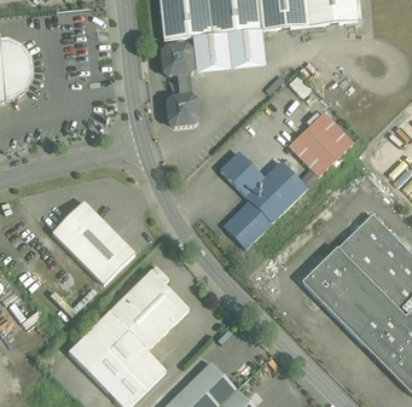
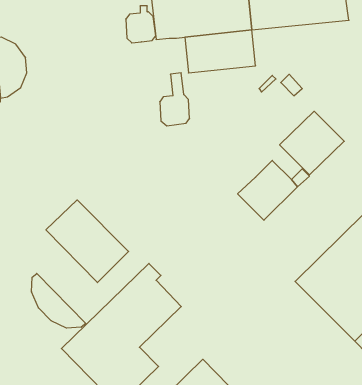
building: [162,39,192,76] -> [126,6,156,43]
building: [220,152,263,196] -> none
building: [225,202,272,249] -> none
building: none -> [32,273,86,328]

